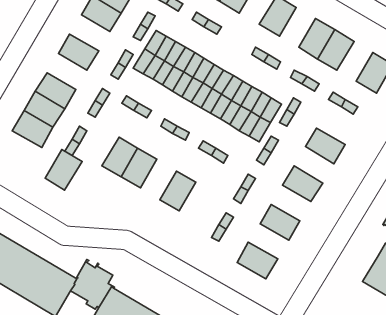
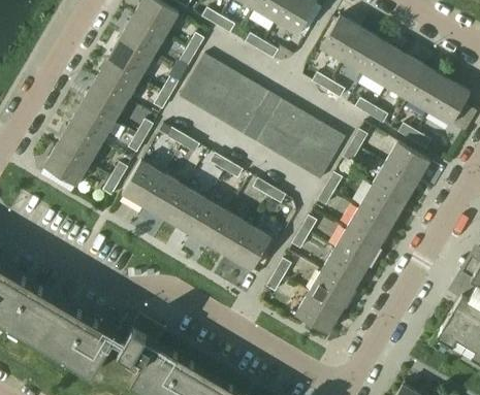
building: none -> [343,29,383,73]
building: none -> [107,37,153,77]
building: none -> [407,67,447,111]
building: none -> [83,80,127,121]
building: none -> [384,141,429,183]
building: none -> [359,185,404,226]
building: [45,150,82,190] -> [122,161,163,206]
building: none -> [187,199,227,244]
building: none -> [230,225,270,270]
building: none -> [333,228,378,268]
building: none -> [308,271,353,310]

